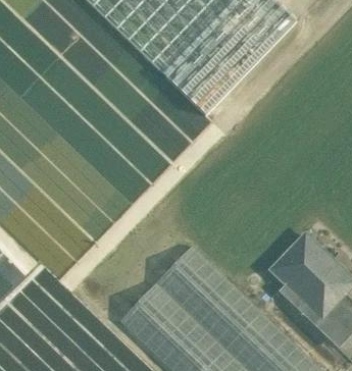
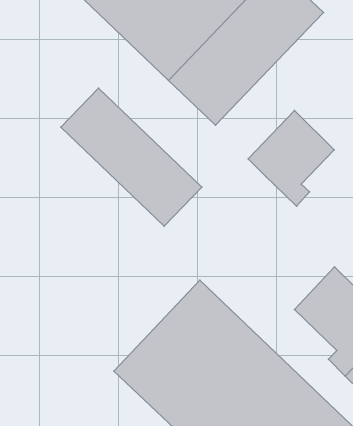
building: none -> [61,88,202,226]
building: none -> [248,110,334,206]

